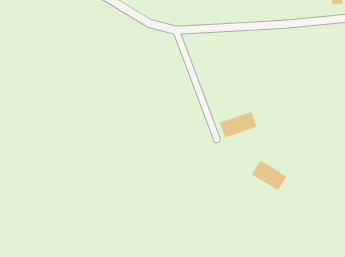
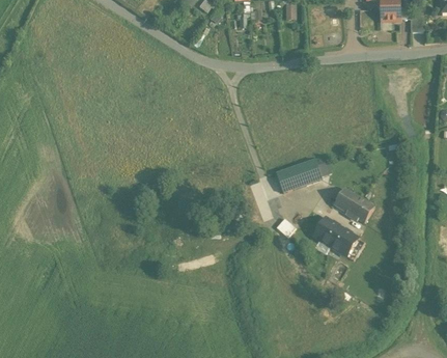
building: none -> [334,188,373,222]

